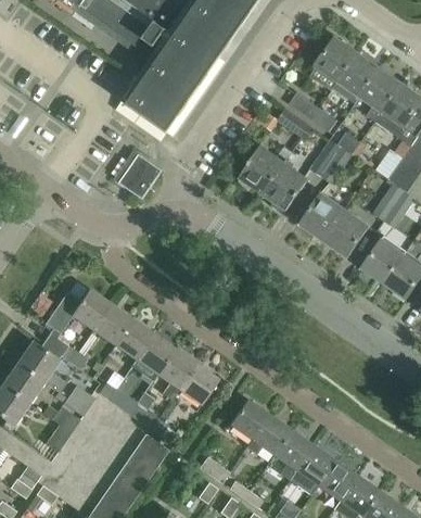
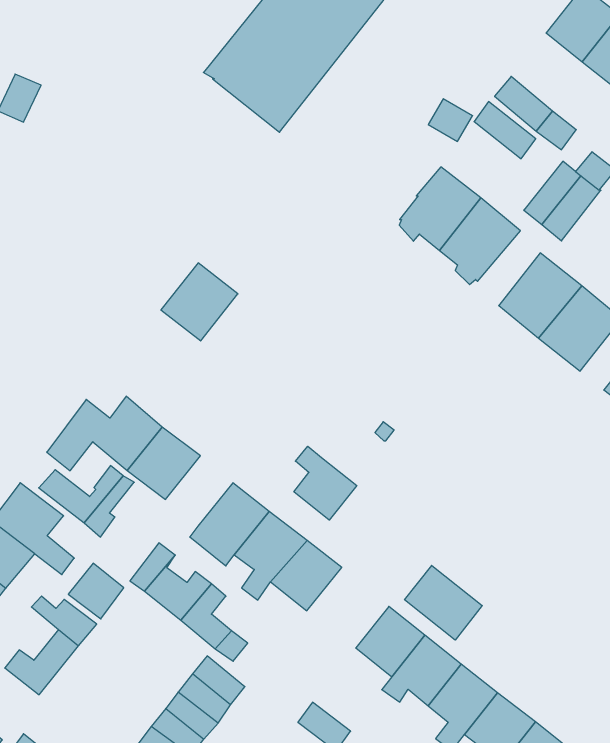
building: [118,153,162,198] -> [161,263,238,341]
building: none -> [294,446,357,520]
building: [115,319,153,359] -> none
building: none -> [405,565,482,640]

